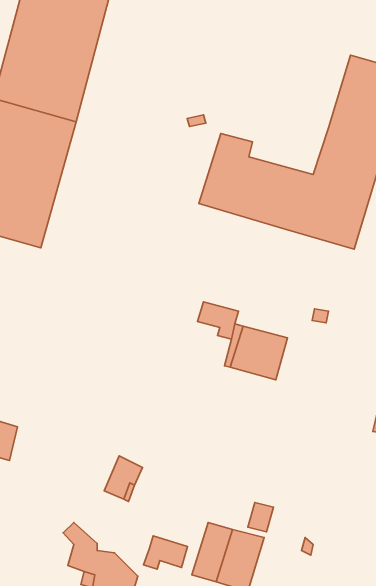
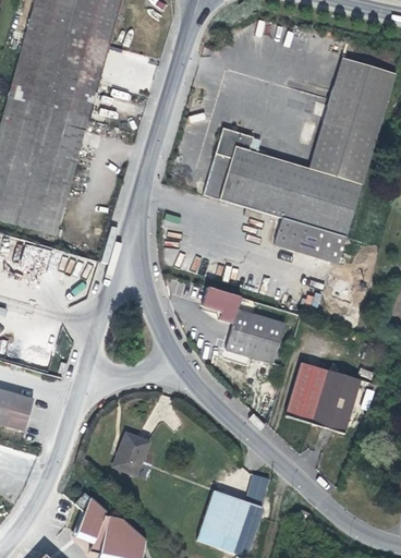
building: none -> [275,218,347,263]
building: none -> [297,361,357,428]
building: [144,536,187,569] -> none

